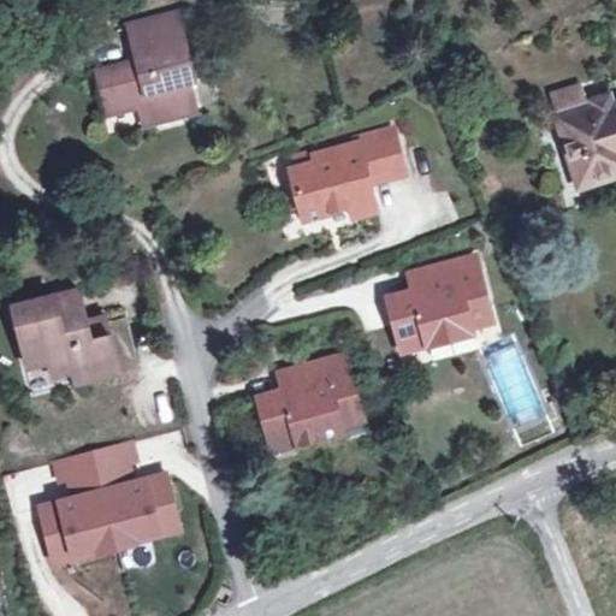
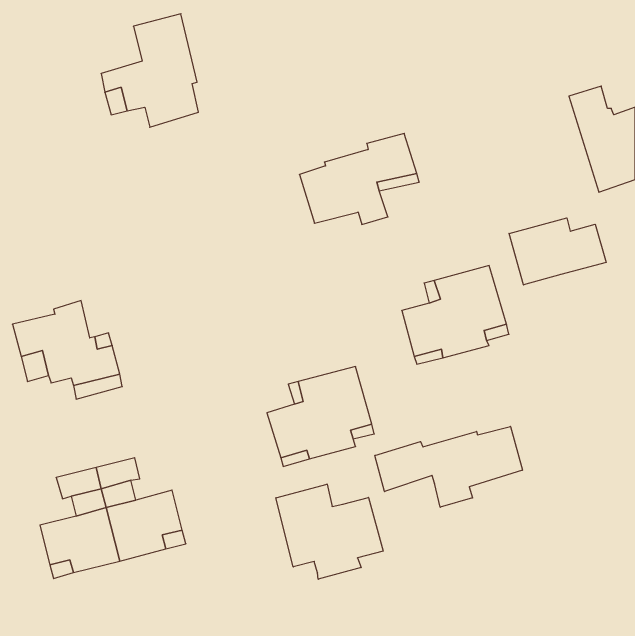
building: none -> [509,218,606,285]
building: none -> [375,426,522,507]
building: none -> [276,484,383,579]

